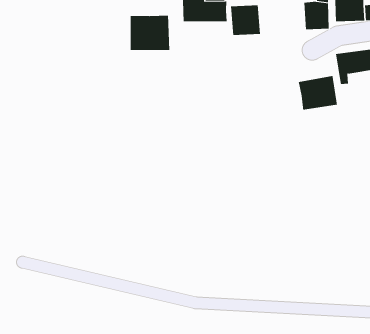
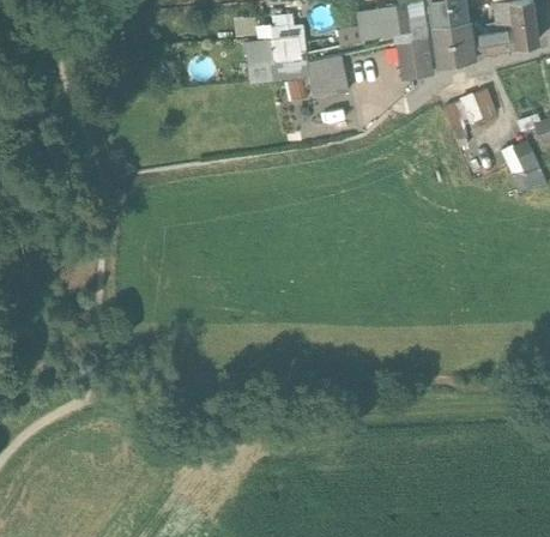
building: [130,15,170,51] -> none
building: [298,75,338,111] -> none

